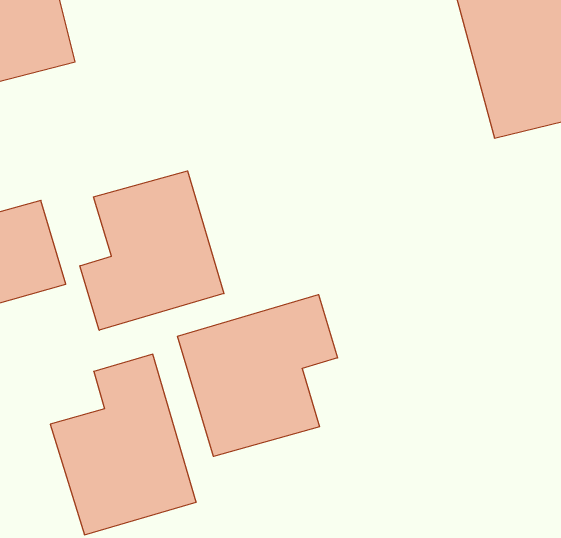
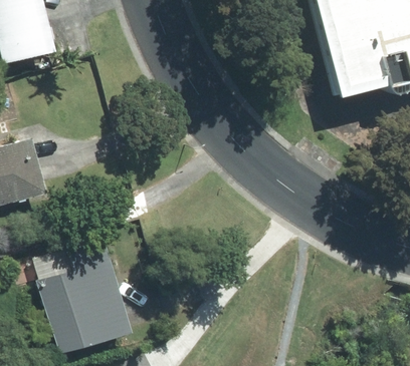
building: [80,171,224,330] -> none
building: [178,295,338,456] -> none

